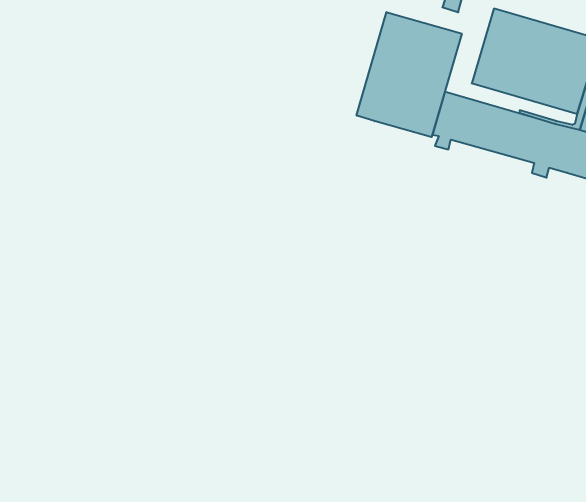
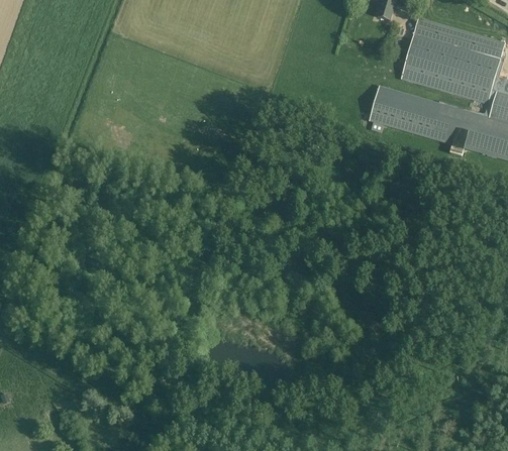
building: [357,12,462,137] -> none

